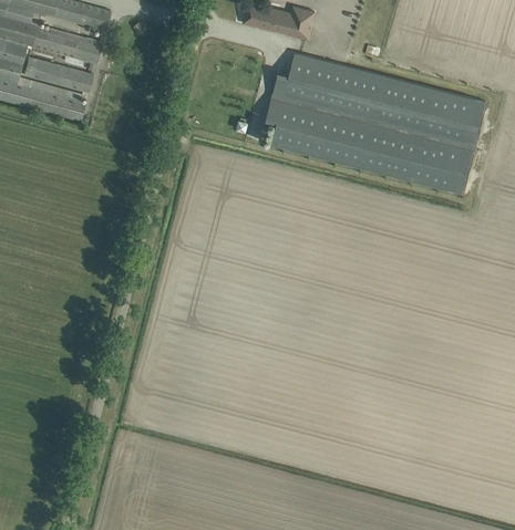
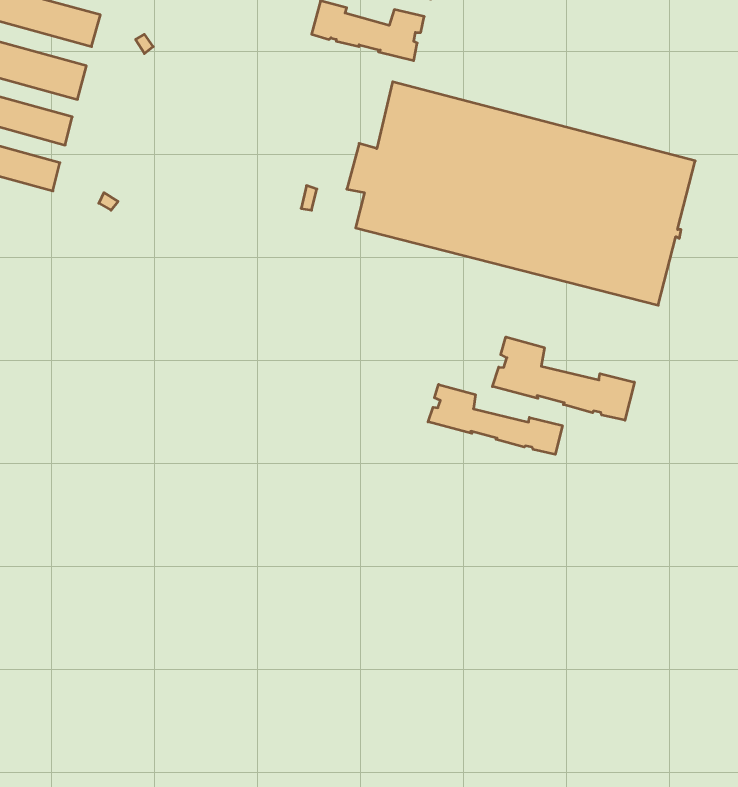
building: none -> [492,337,634,420]
building: none -> [428,384,562,454]

